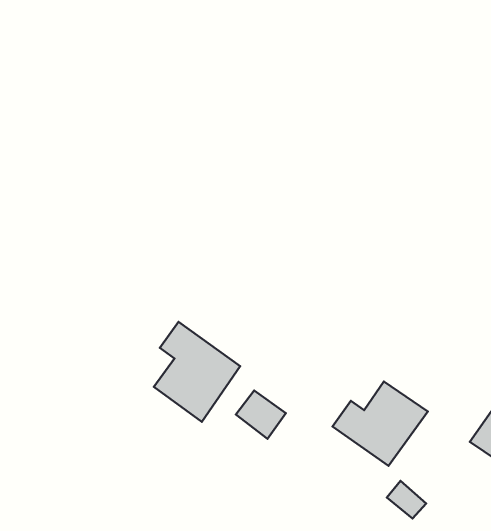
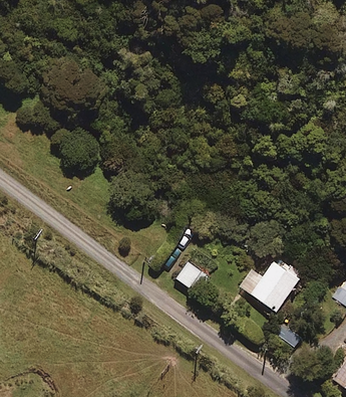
building: [154,322,240,422] -> none

